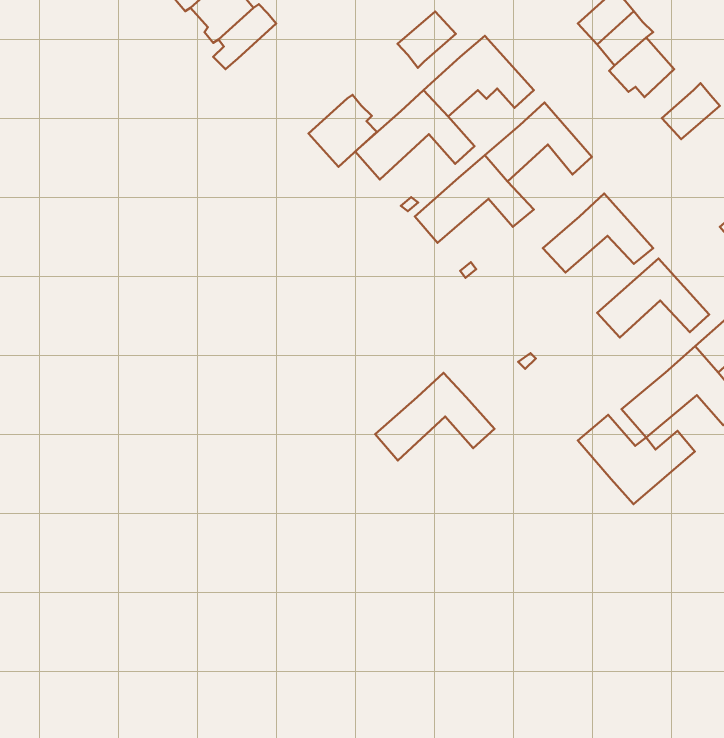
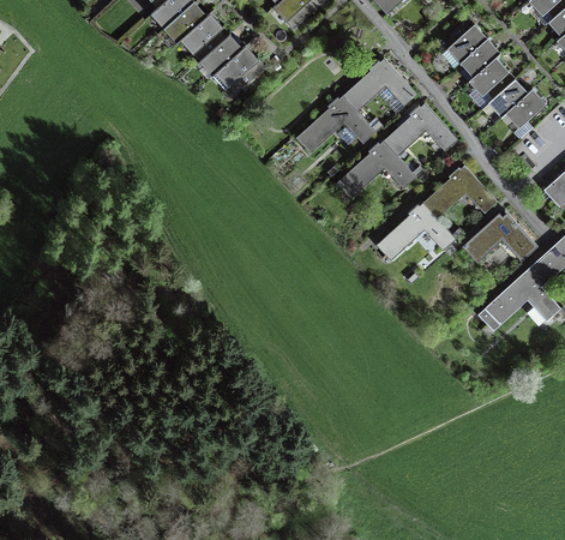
building: [397,11,456,68] -> none
building: none -> [488,79,527,116]
building: [309,95,377,167] -> [215,46,262,95]
building: [375,373,494,460] -> [377,202,458,262]
building: [578,415,695,504] -> none

